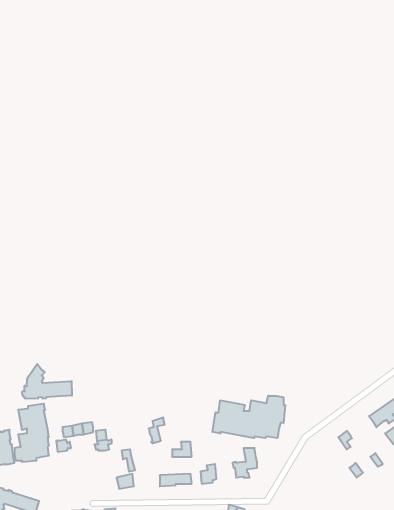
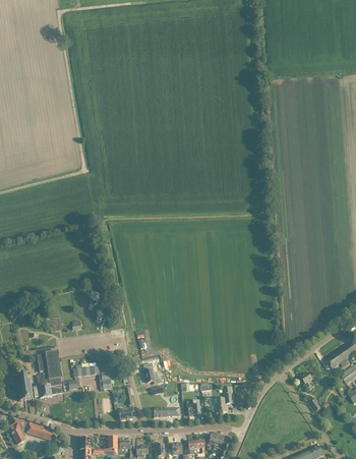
building: [22,364,72,399] -> none
building: [212,396,285,438] -> none

